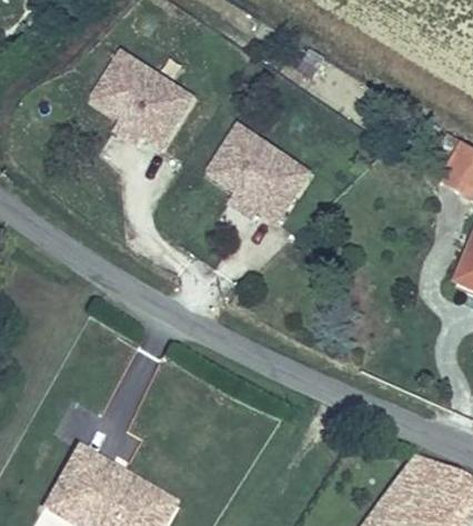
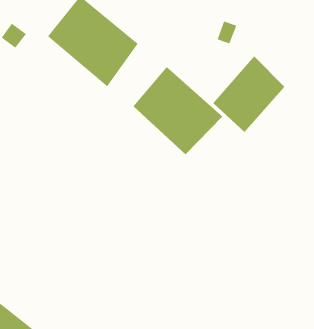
building: none -> [213,55,285,133]

